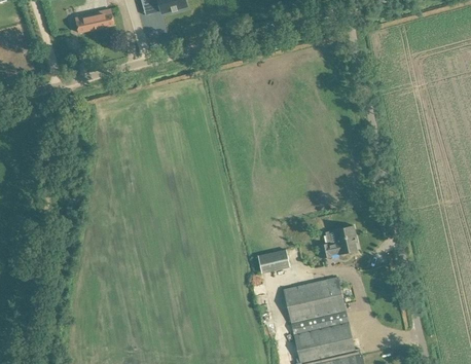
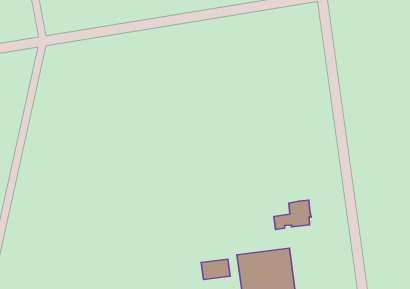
building: [257,250,289,274] -> [201,259,230,279]

